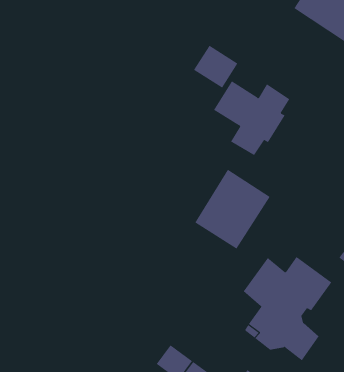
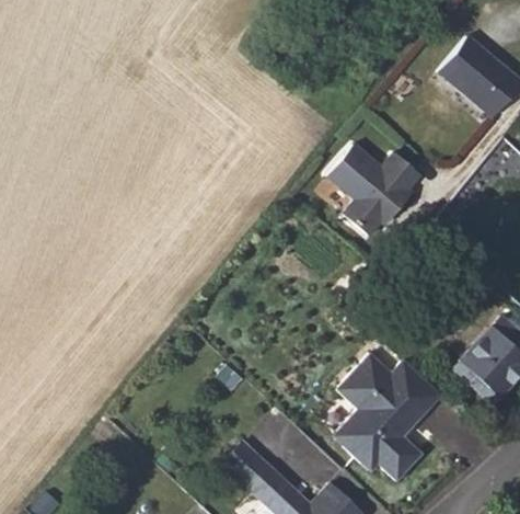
building: [193,45,238,88] -> none
building: [195,169,270,249] -> none

